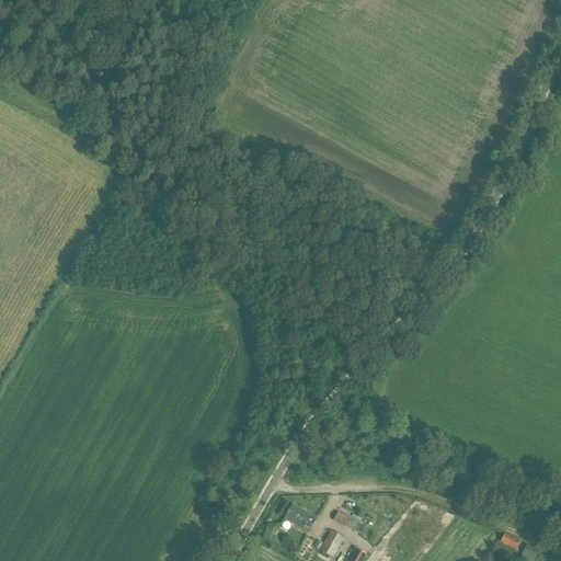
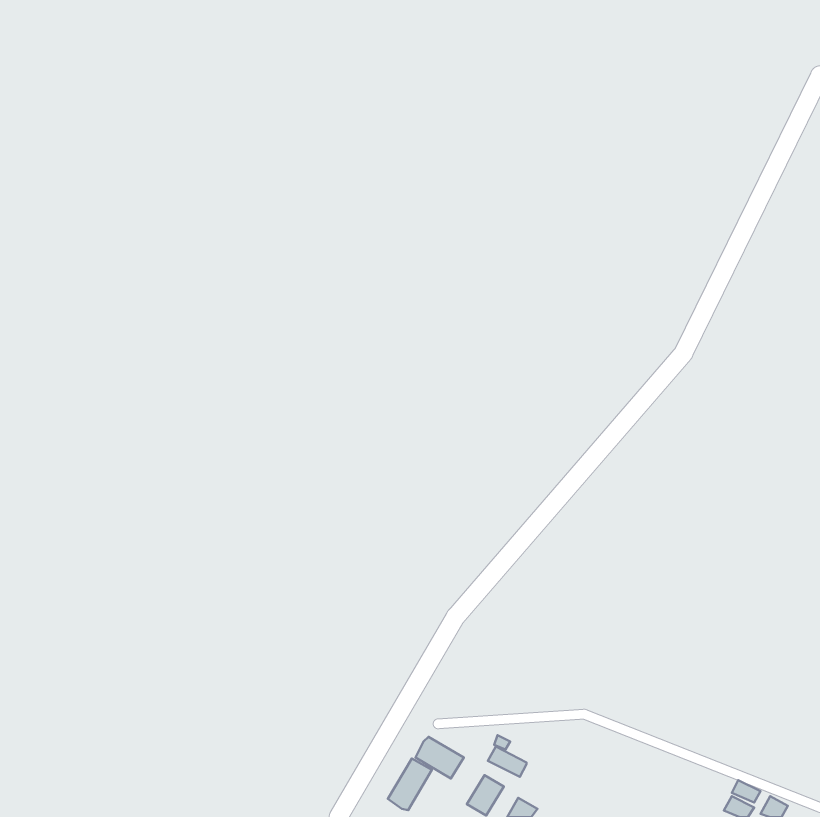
building: none -> [388,759,432,810]

